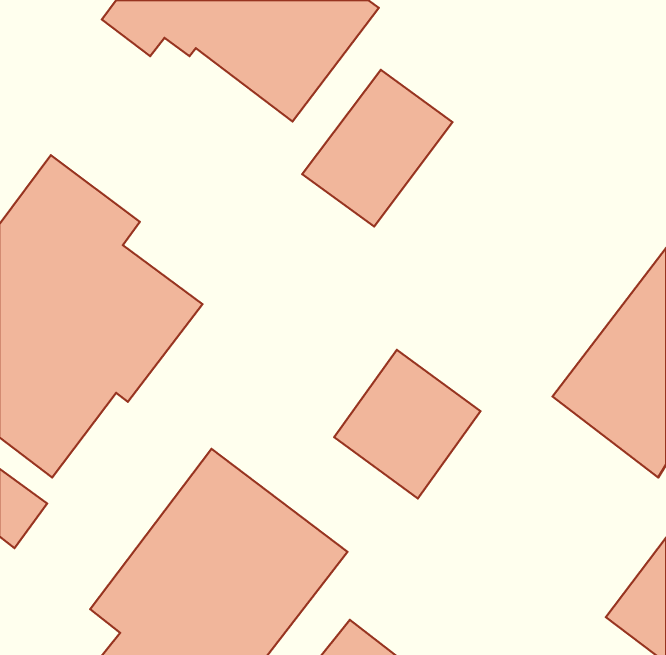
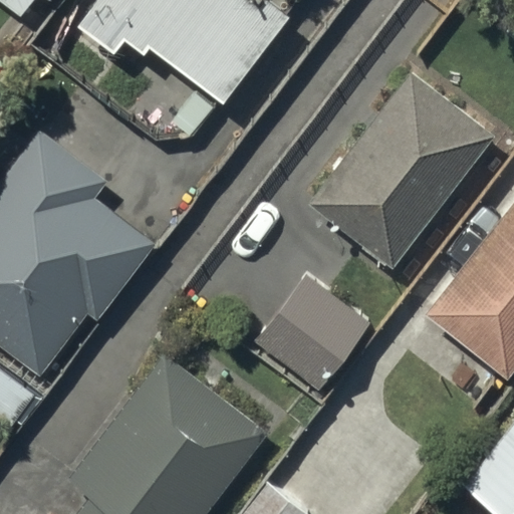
building: [302,70,453,226] -> none
building: none -> [309,70,495,269]

